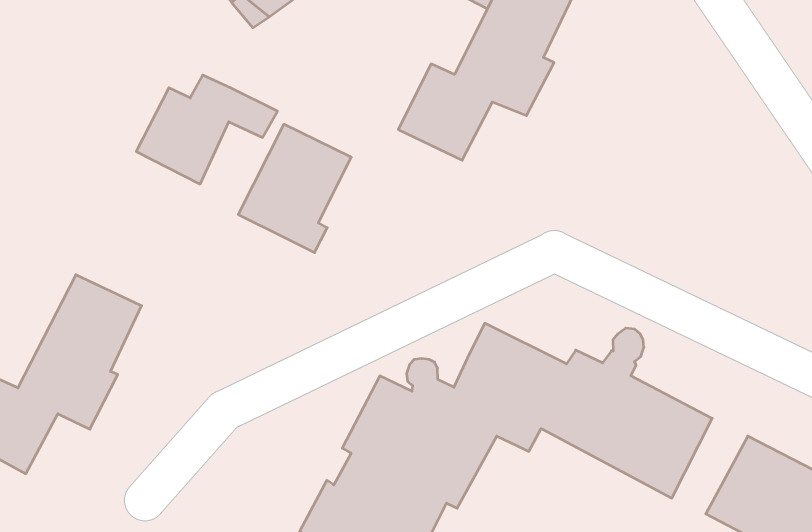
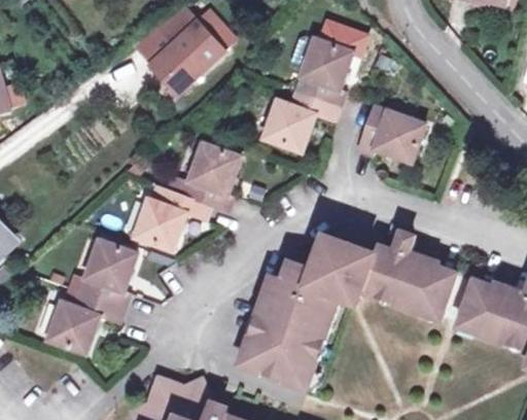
building: [136,75,277,184] -> [136,189,210,249]
building: none -> [357,105,425,161]

